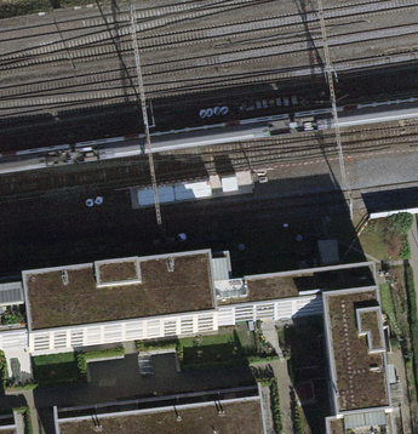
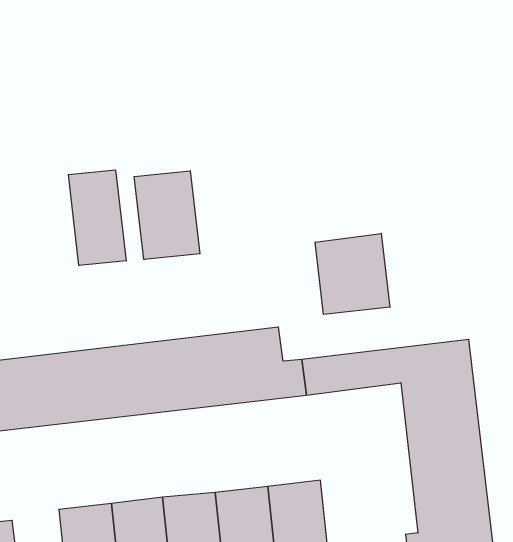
building: none -> [68,170,126,266]
building: none -> [134,171,200,260]
building: none -> [315,233,390,314]

